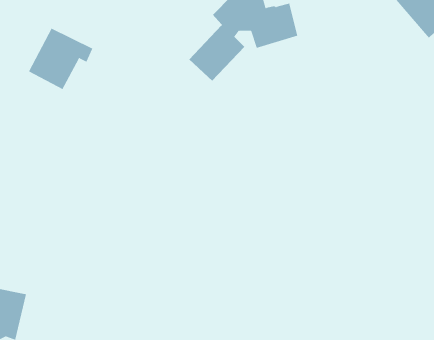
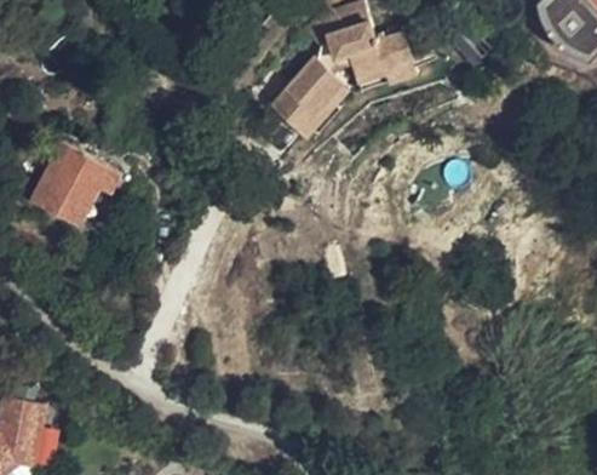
building: [28,28,93,90] -> [35,142,121,224]

